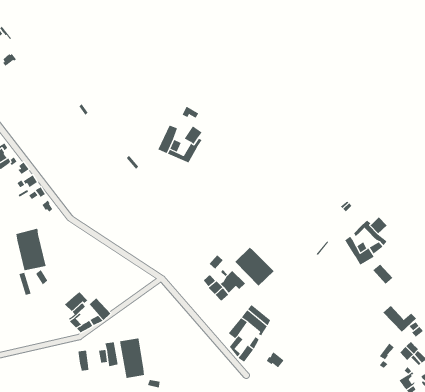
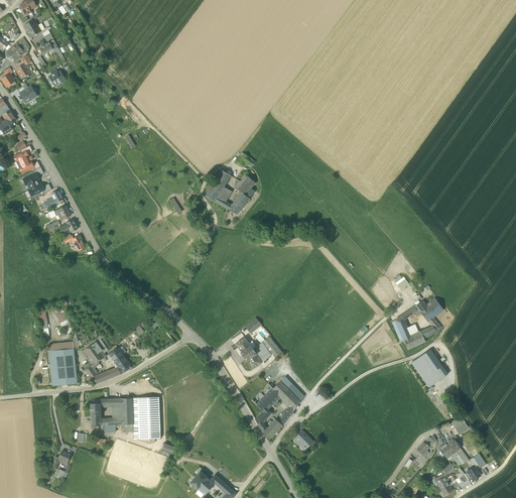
building: [16,228,47,271] -> [47,342,77,386]
building: [235,247,274,287] -> none
building: [382,305,417,332] -> [410,356,446,387]

